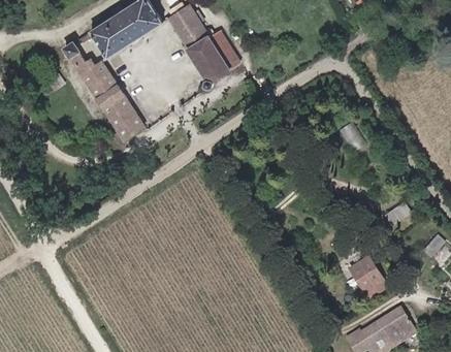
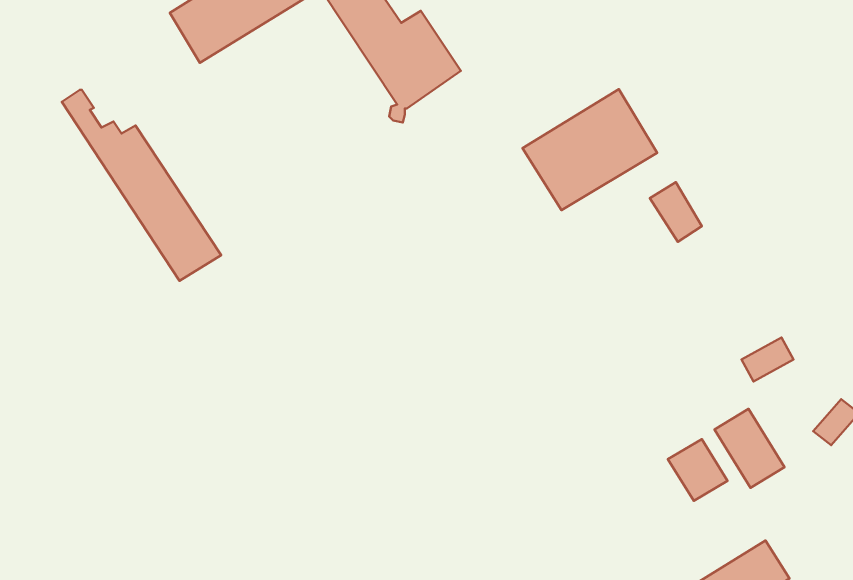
building: [63,43,146,142] -> [62,90,221,281]
building: none -> [522,89,657,210]
building: none -> [714,409,785,488]

